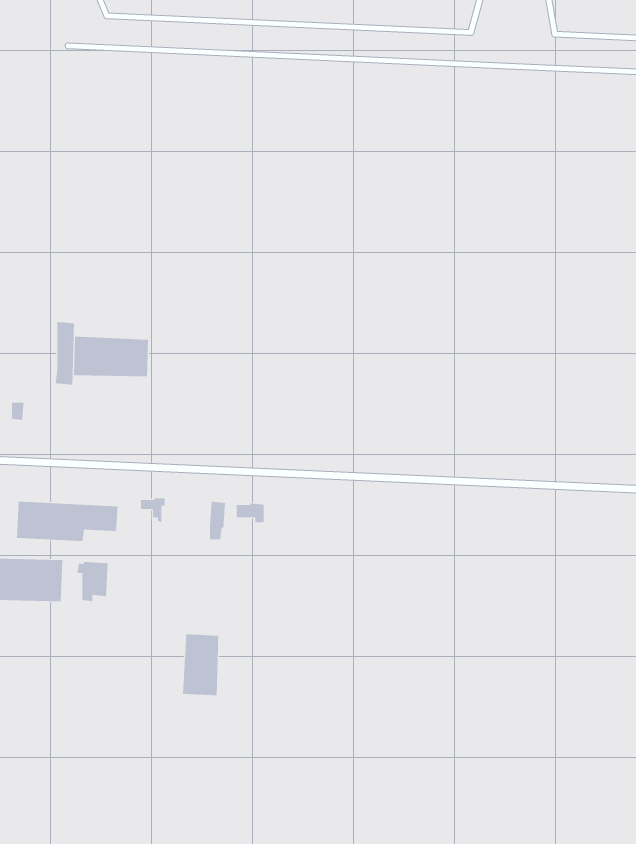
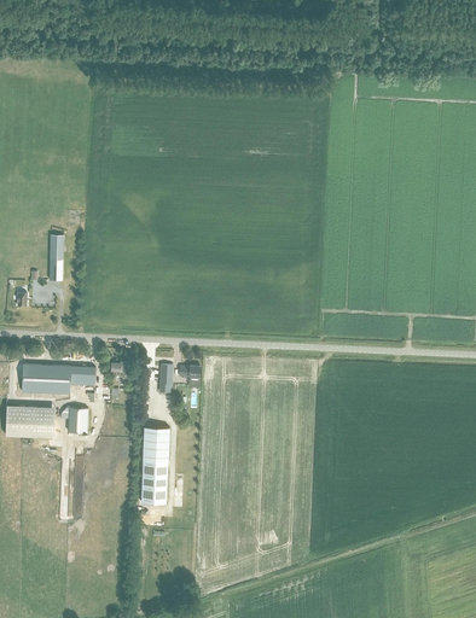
building: [73,336,148,377] -> none
building: none -> [141,426,169,460]

